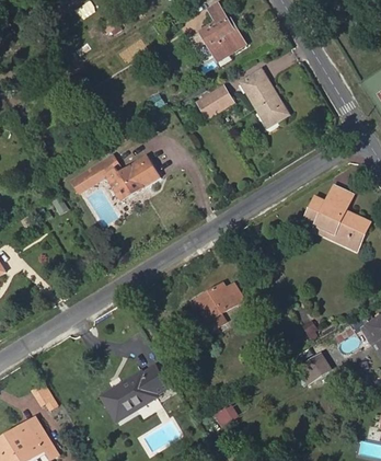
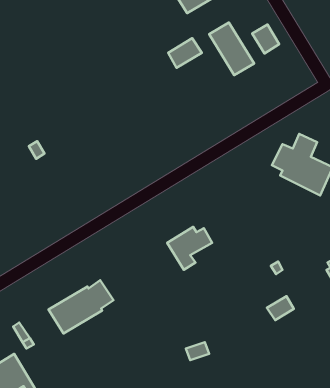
building: none -> [252,25,279,53]
building: [72,155,159,198] -> none
building: [102,365,170,420] -> [49,280,114,334]

